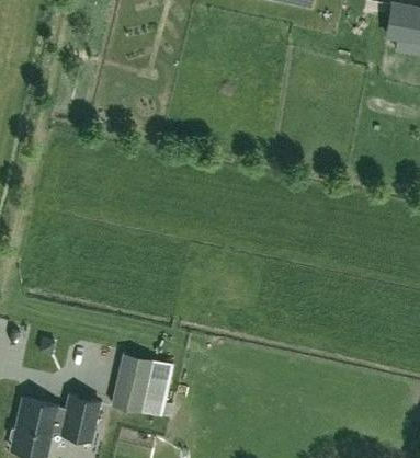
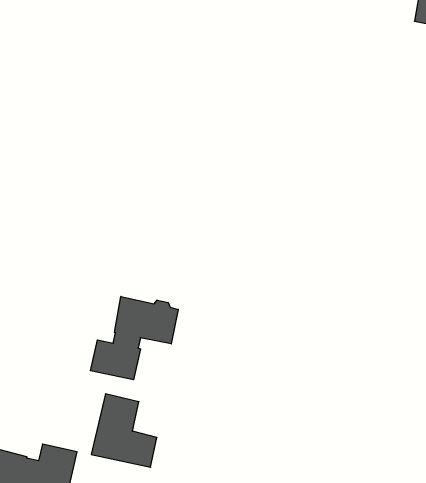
building: none -> [91,296,178,380]

